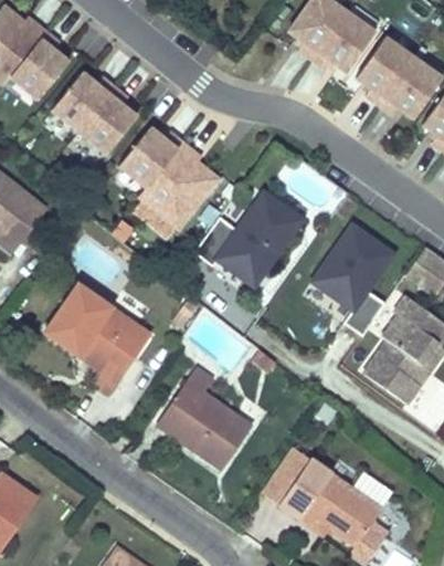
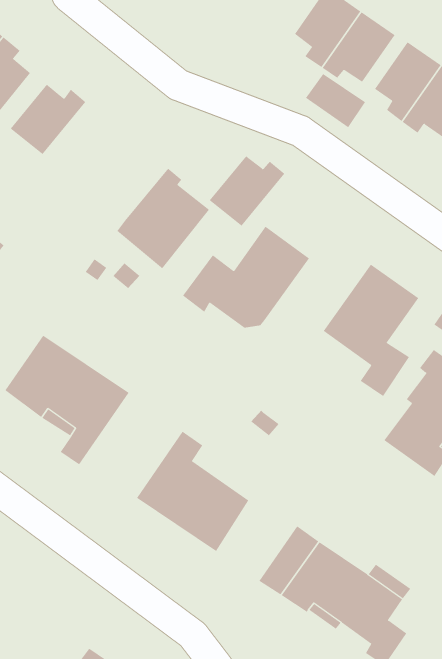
building: none -> [305,73,366,128]
building: [78,88,136,155] -> none
building: [119,128,183,188] -> [209,156,285,227]

